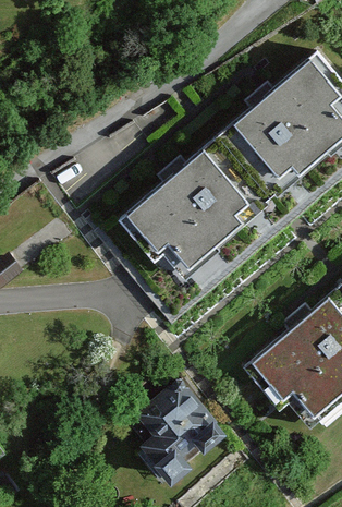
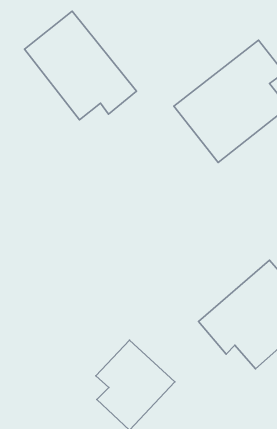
building: none -> [24,11,136,120]
building: [115,141,262,274] -> none

